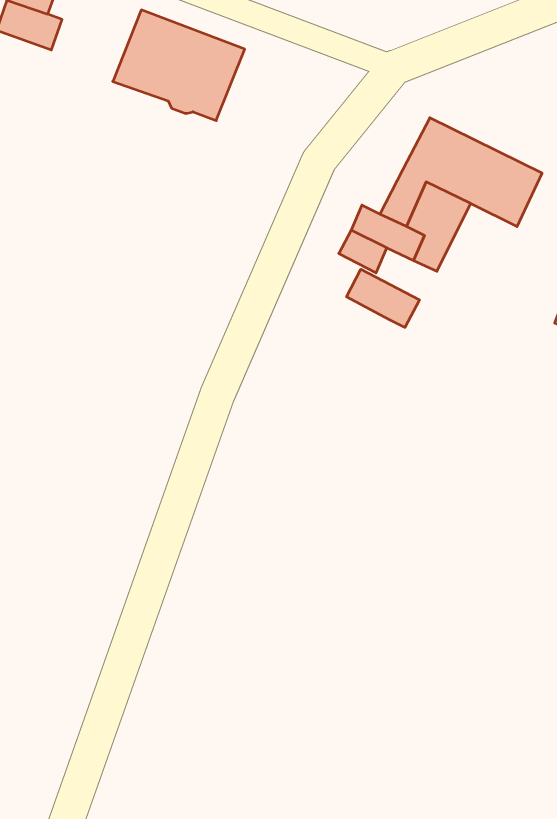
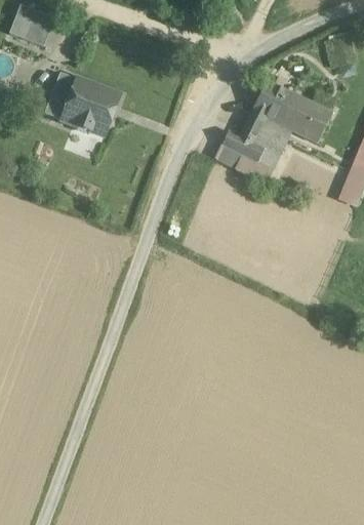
building: [113,10,245,121] -> [43,73,119,136]
building: [347,269,419,327] -> none

